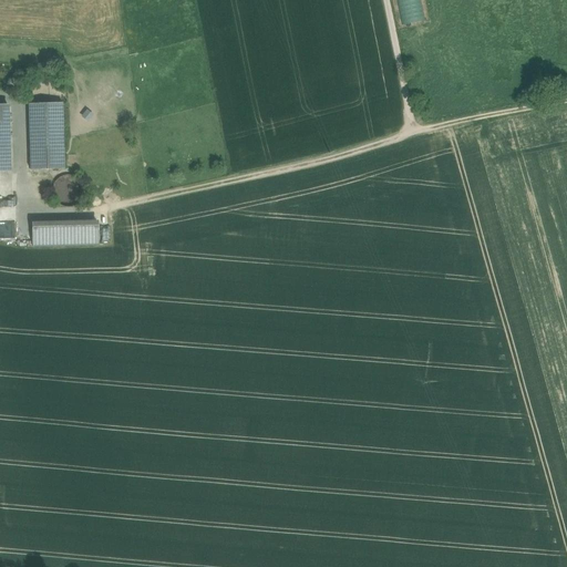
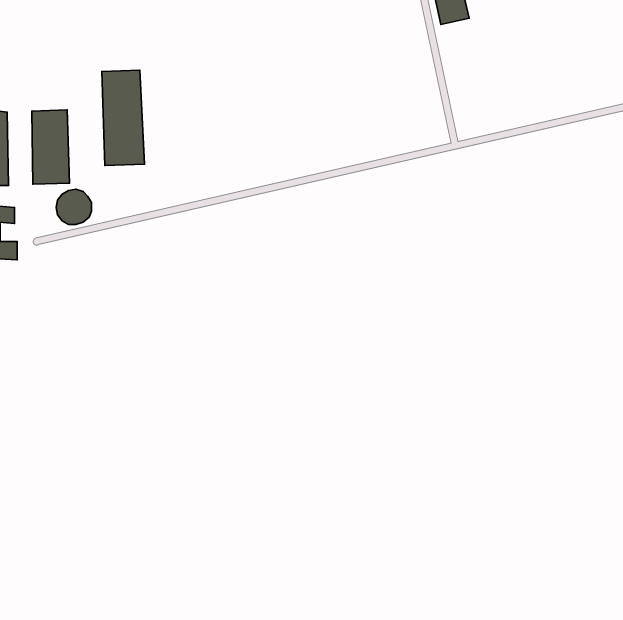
building: none -> [102,70,144,165]
building: [31,223,97,244] -> none

